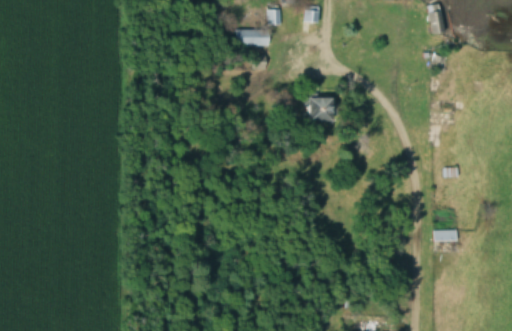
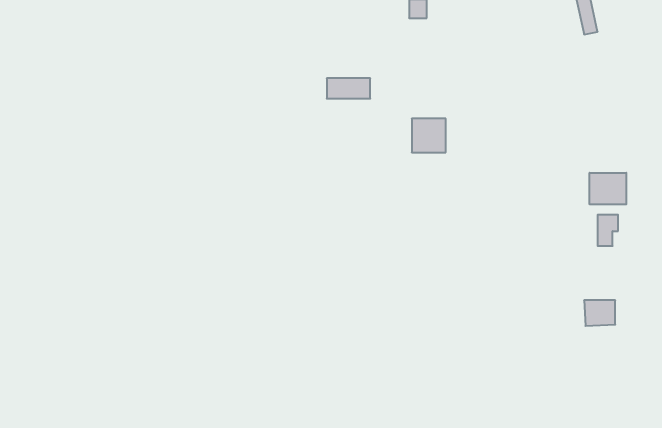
building: [236,29,268,44] -> [327,78,370,99]
building: none -> [590,173,626,204]

